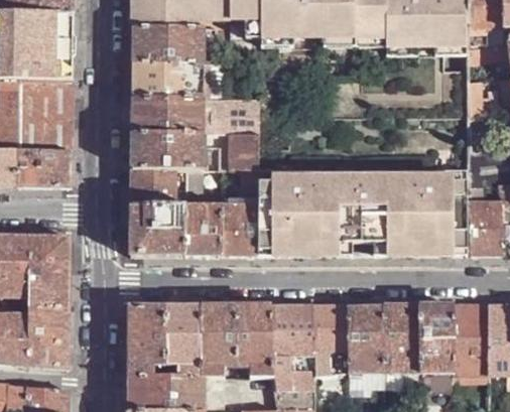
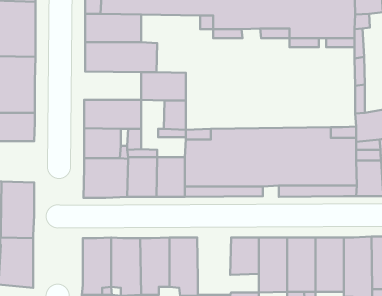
building: [130,99,201,134] -> none
building: [270,305,312,357] -> none

